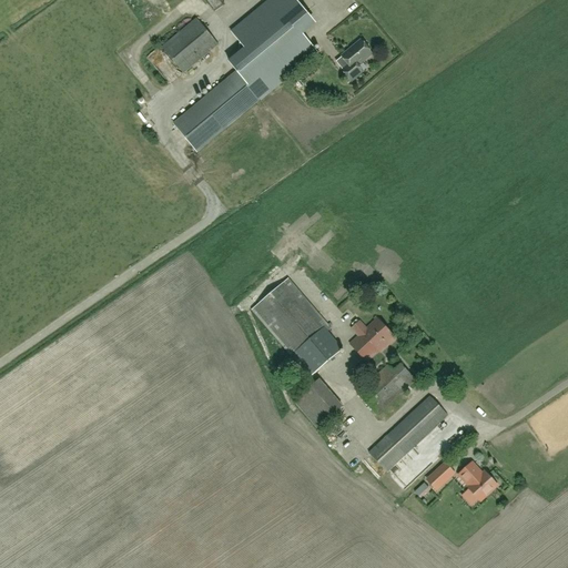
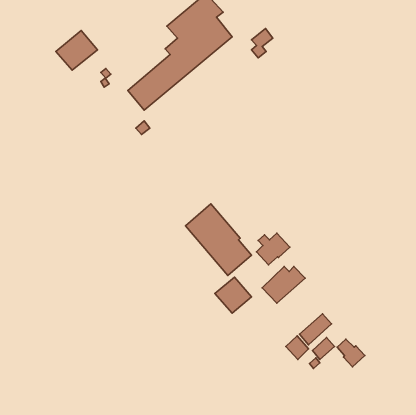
building: [162,17,219,71] -> [56,30,97,70]
building: [368,395,448,470] -> none

